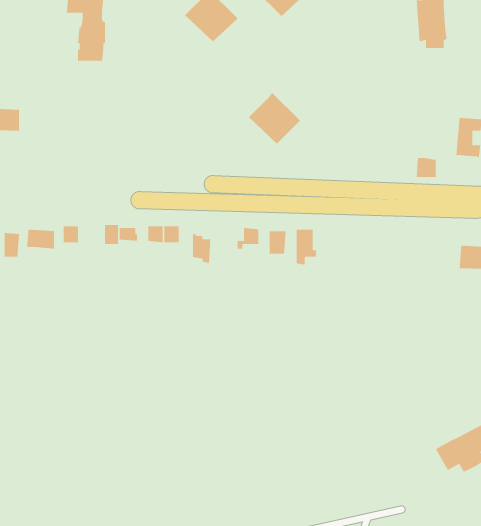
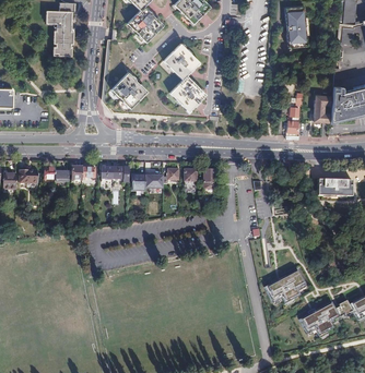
building: none -> [164,43,201,80]
building: none -> [111,72,149,108]
building: none -> [264,269,306,304]

